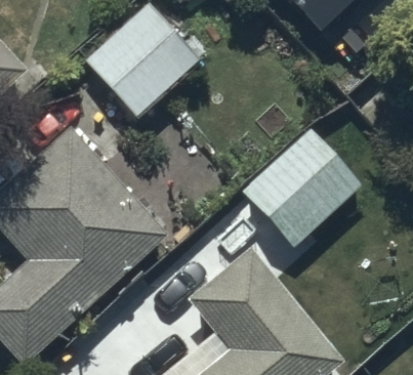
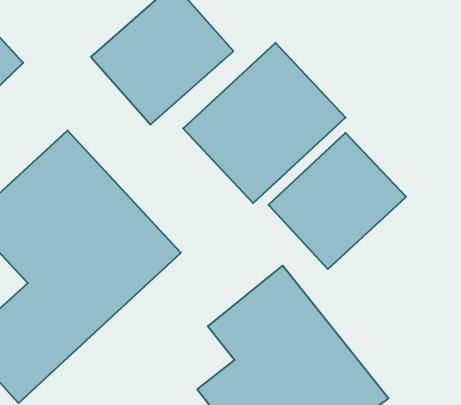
building: none -> [183,43,346,203]

